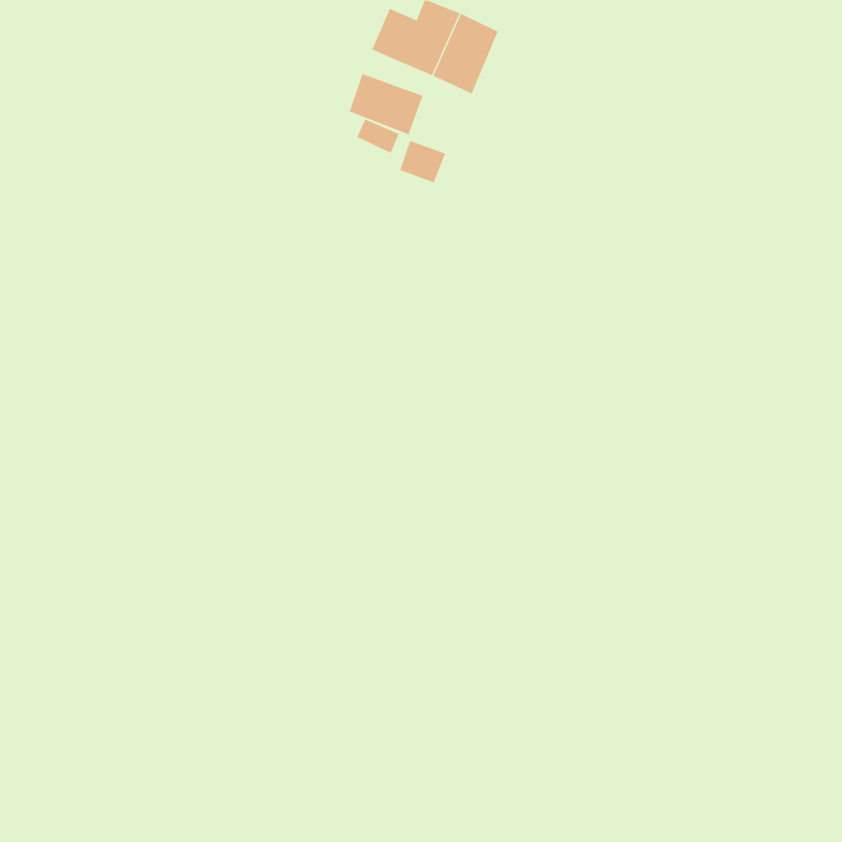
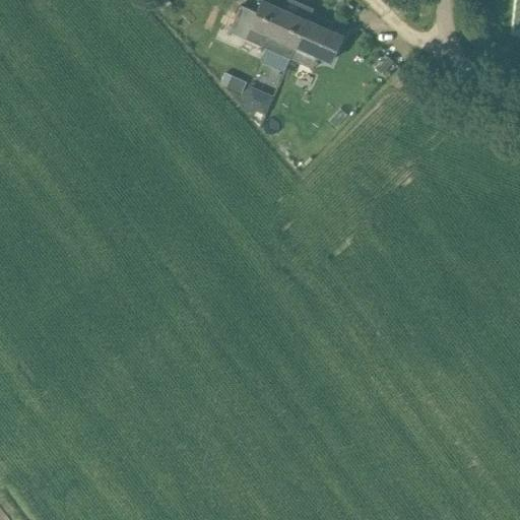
building: none -> [297,20,342,62]
building: [349,73,423,135] -> none

